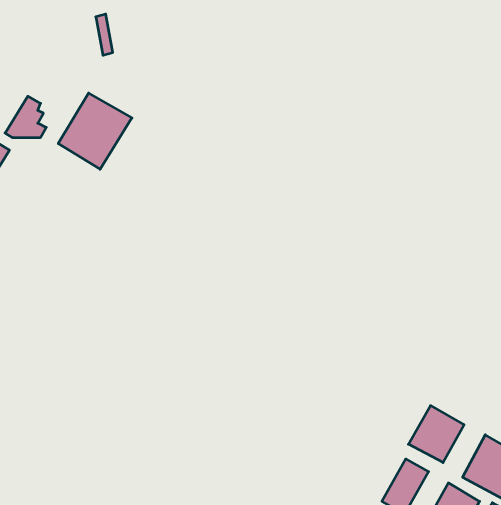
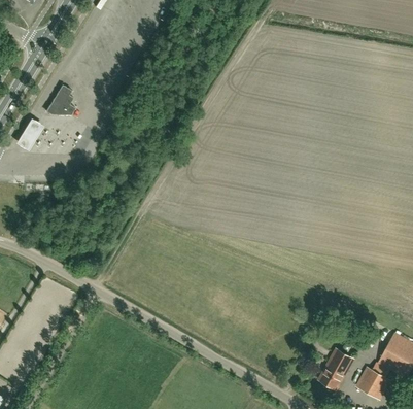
building: [58,93,132,169] -> none
building: [408,406,464,463] -> none

